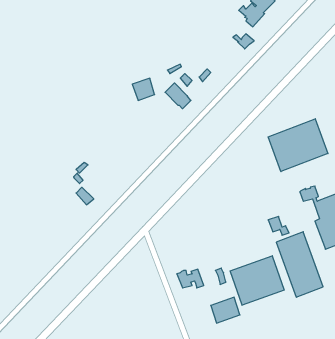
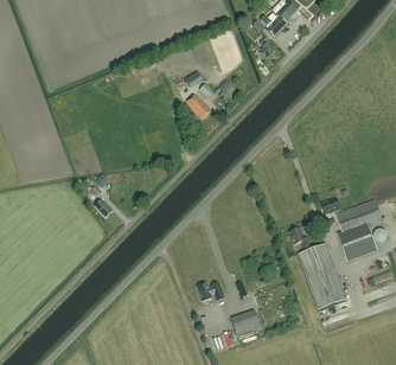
building: [268,119,328,172] -> none
building: [230,256,284,305] -> none

